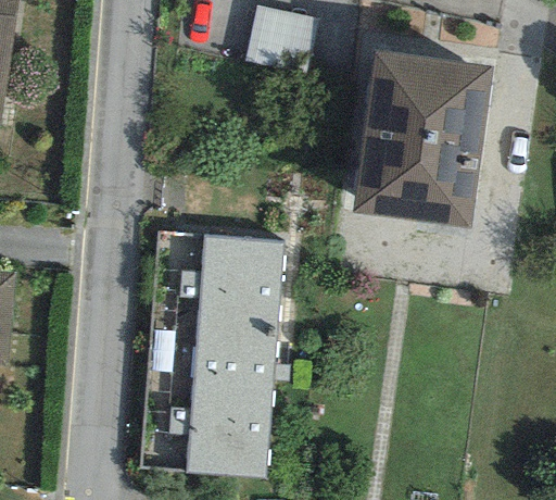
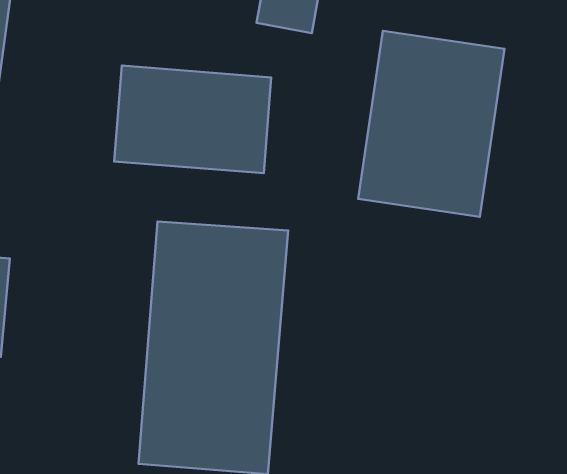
building: none -> [114,66,271,173]

